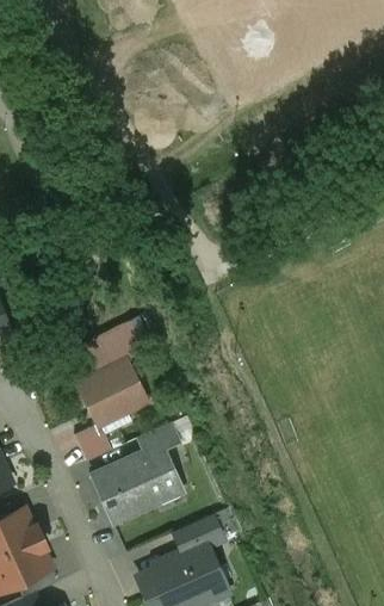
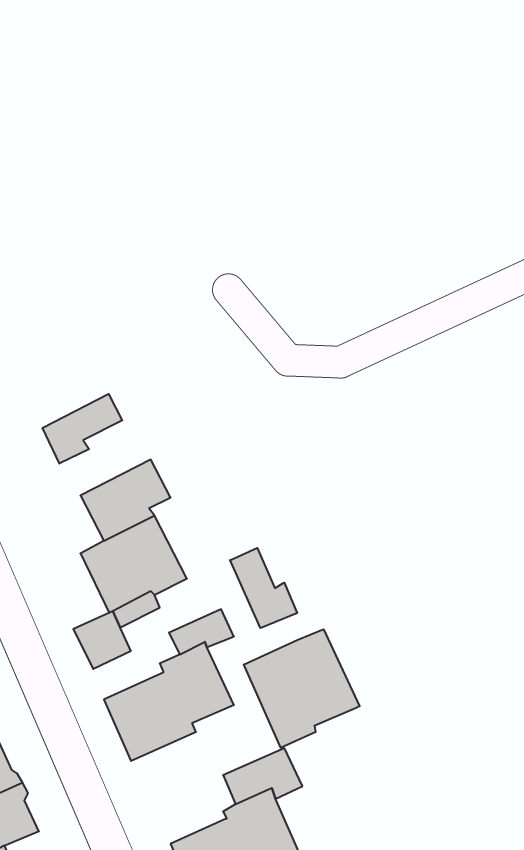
building: none -> [43,394,122,464]
building: none -> [230,548,297,628]
building: none -> [244,629,360,748]

